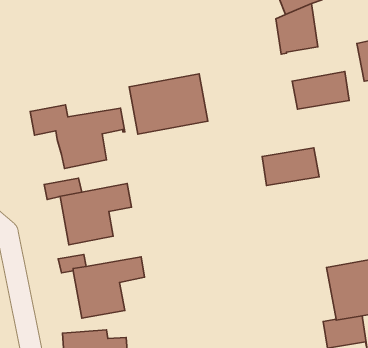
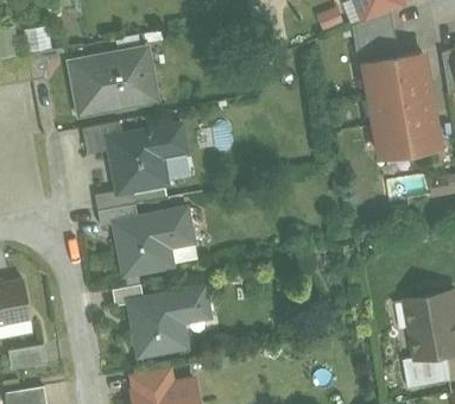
building: none -> [364,52,428,95]
building: [129,74,208,134] -> [69,48,156,114]
building: [262,148,319,186] -> [375,116,438,158]

